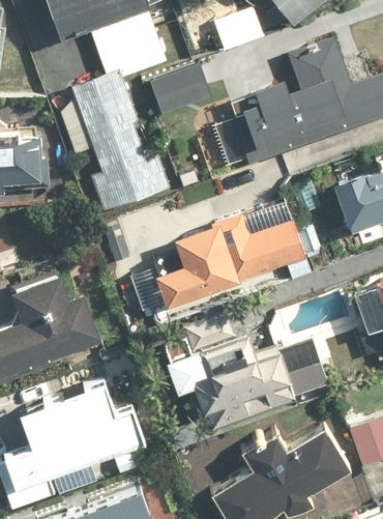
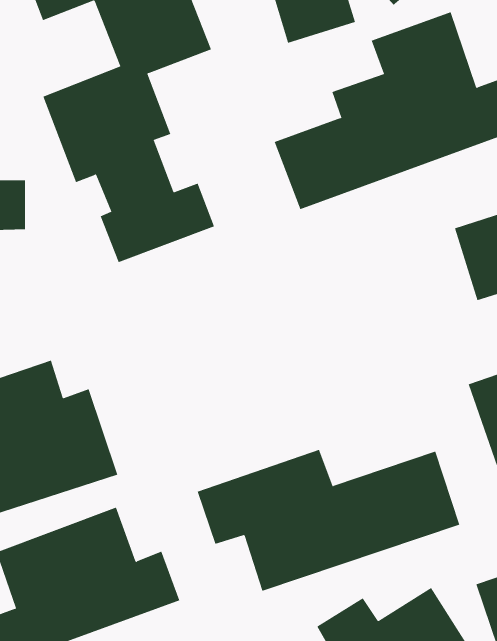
building: [146,62,212,117] -> none
building: [152,212,306,306] -> none

